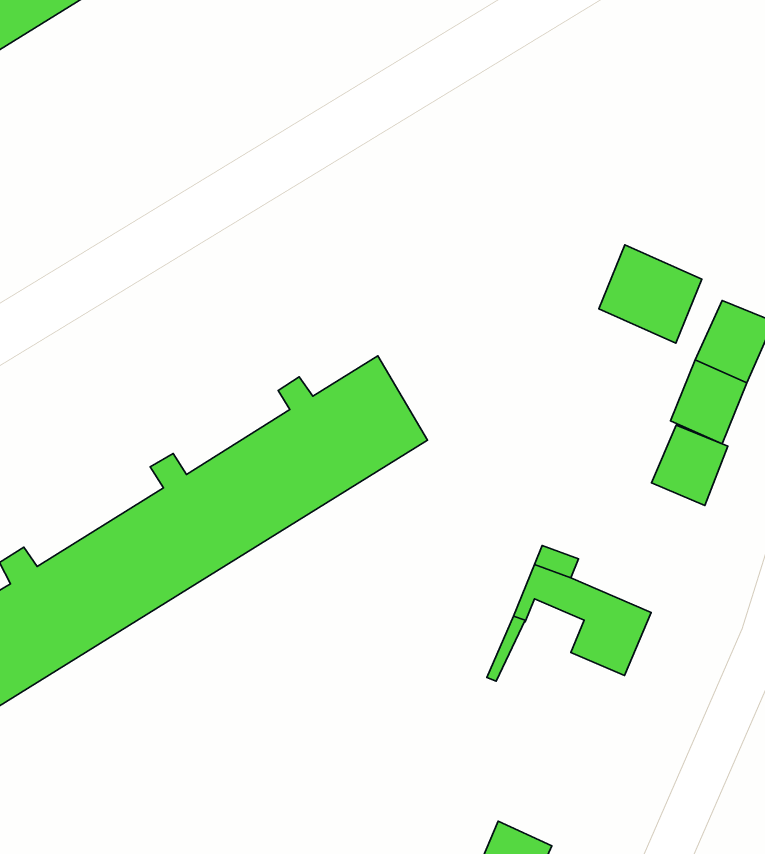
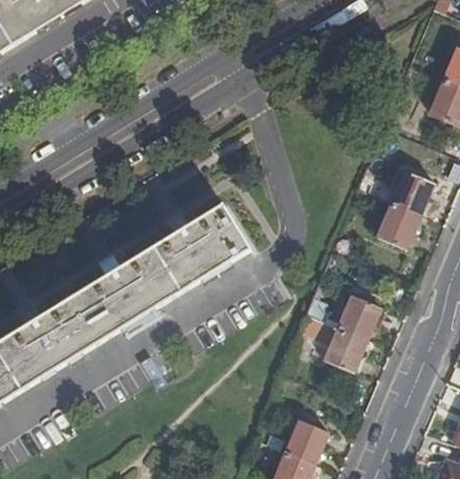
building: [599,245,702,343] -> none
building: [651,425,728,506] -> [340,296,381,339]
building: none -> [286,419,329,465]

